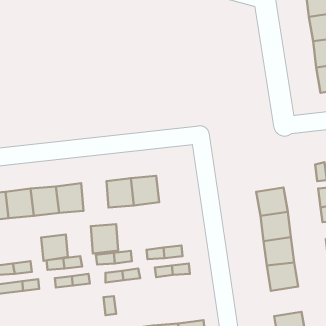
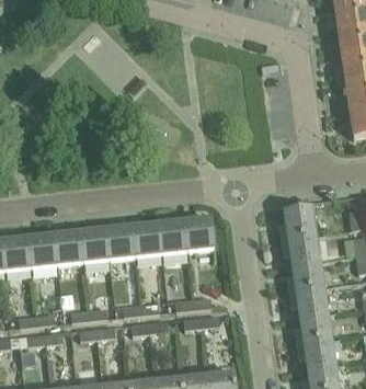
building: none -> [285,208,317,239]
building: none -> [184,219,214,250]
building: [91,224,118,254] -> [106,228,135,259]
building: [41,235,68,261] -> none
building: none -> [304,337,335,368]

